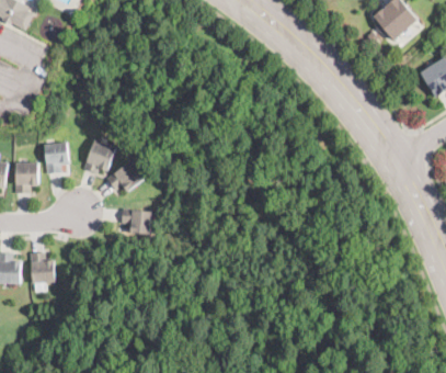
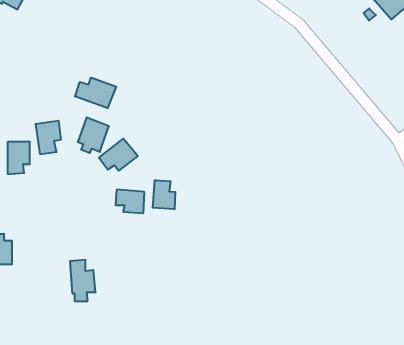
building: none -> [75,78,116,108]
building: none -> [153,180,175,209]
building: [31,249,56,290] -> [70,260,96,301]

